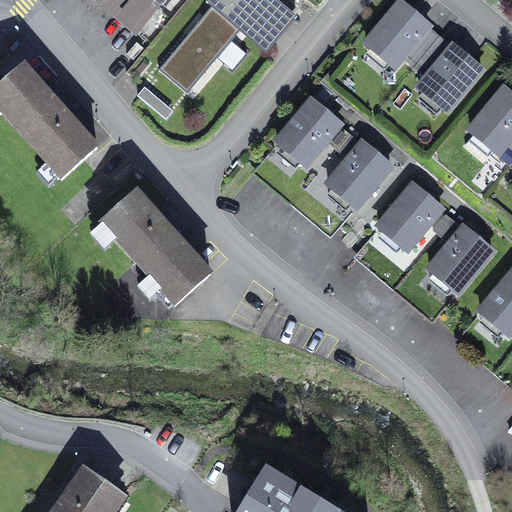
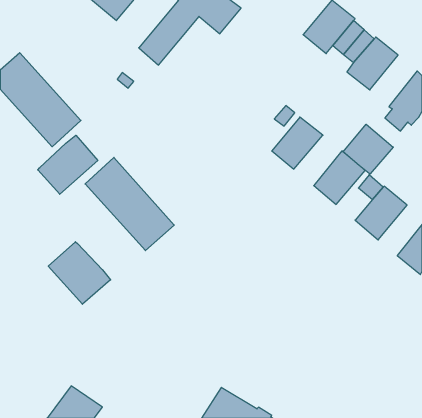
building: [278,99,340,163] -> none
building: none -> [343,124,393,174]
building: none -> [38,135,98,194]
building: none -> [48,242,111,304]

